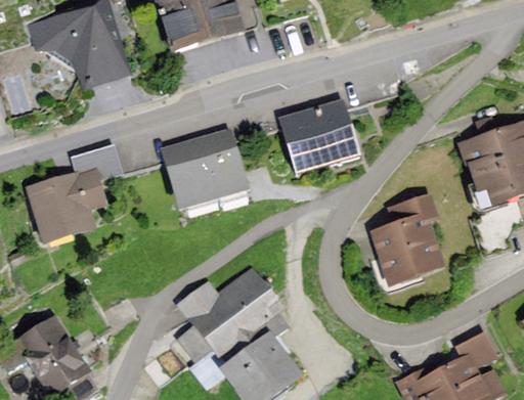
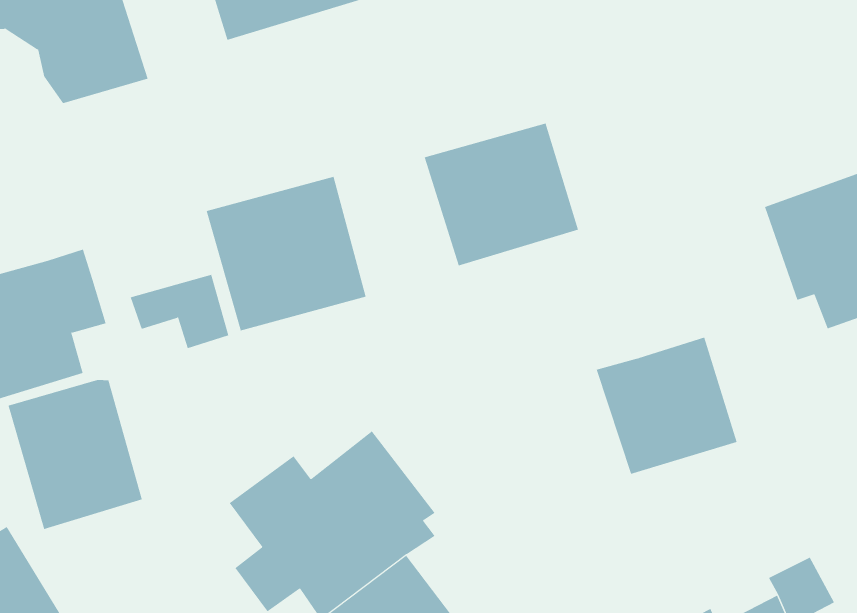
building: [70,142,123,182] -> [130,274,229,349]
building: [385,189,437,224] -> none
building: none -> [8,379,143,530]

